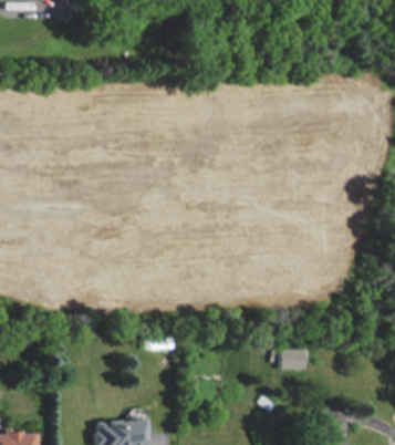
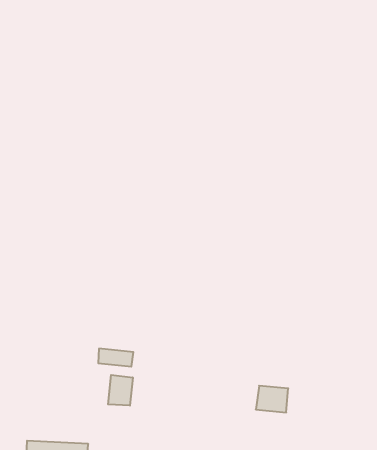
building: none -> [108,375,133,406]

